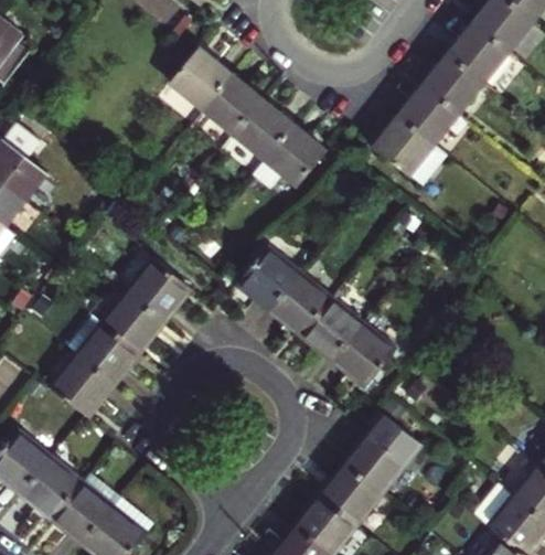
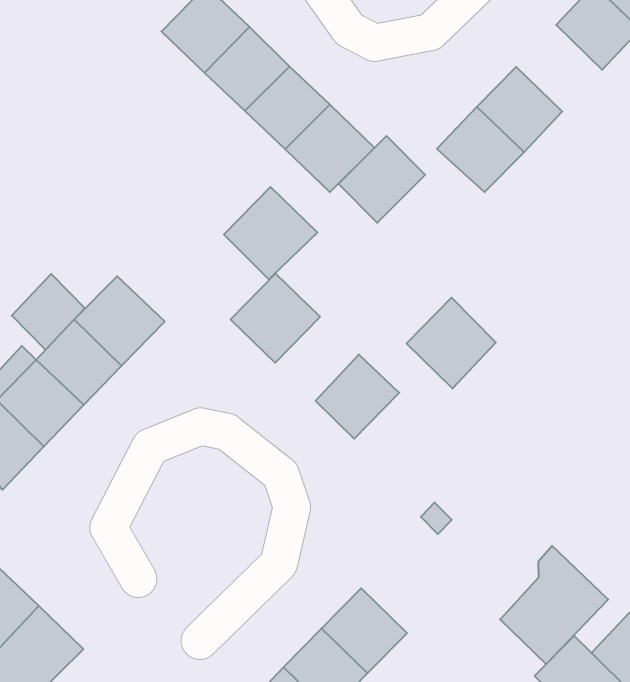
building: [423,54,483,115] -> none
building: none -> [338,136,425,223]
building: none -> [224,187,317,280]
building: none -> [12,274,85,350]
building: [271,275,330,334] -> none
building: [332,323,395,387] -> [407,298,496,389]
building: [346,408,421,492] -> [500,546,608,664]

